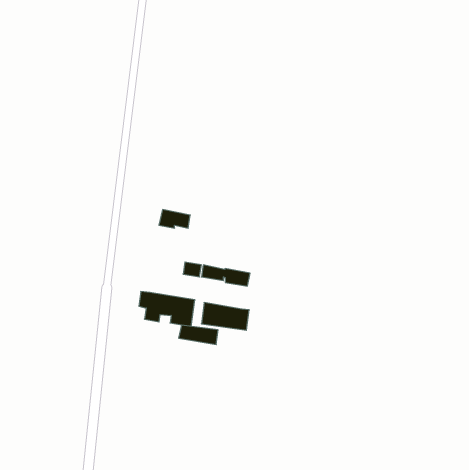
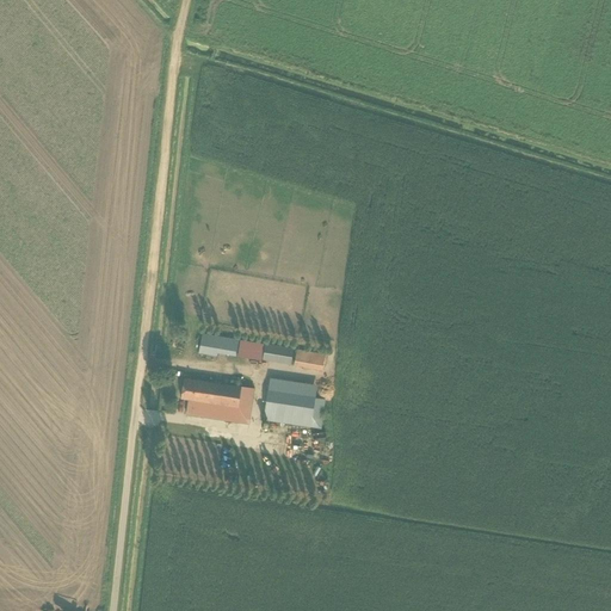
building: [159,210,190,228] -> [197,333,237,357]
building: [179,325,218,345] -> [265,376,316,401]

